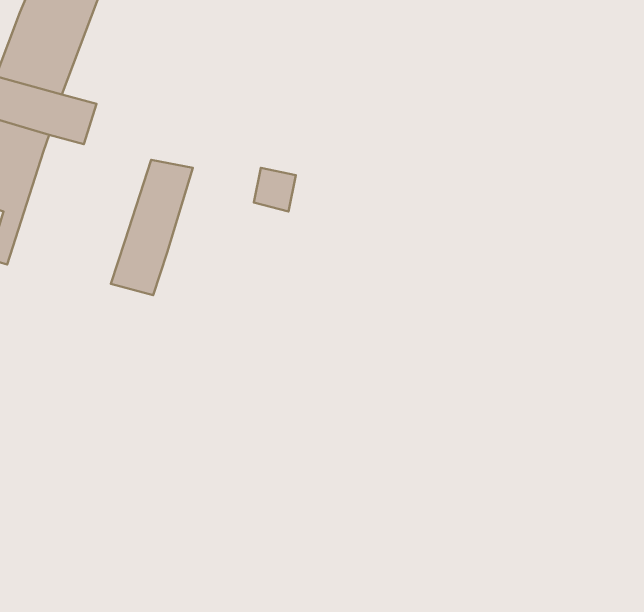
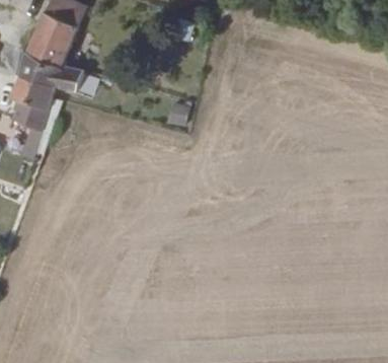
building: [111,160,193,295] -> none

